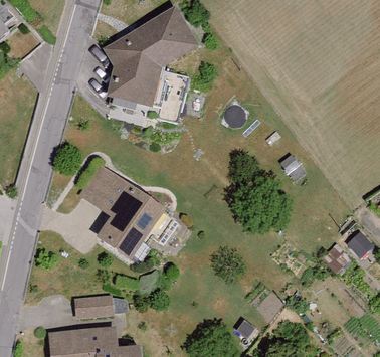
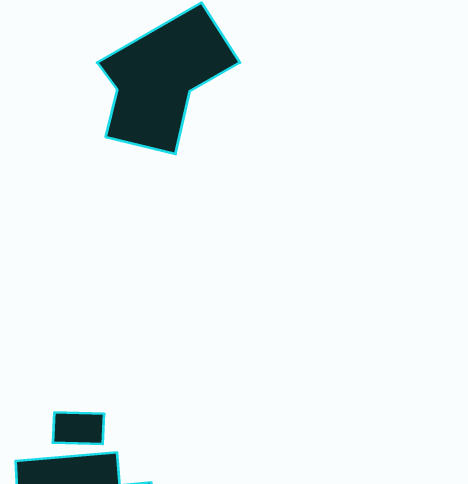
building: [72,160,172,262] -> none

